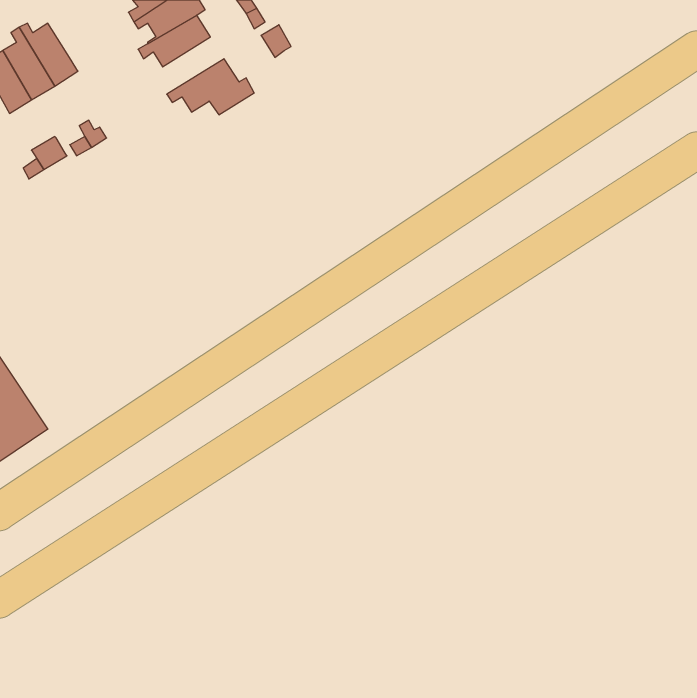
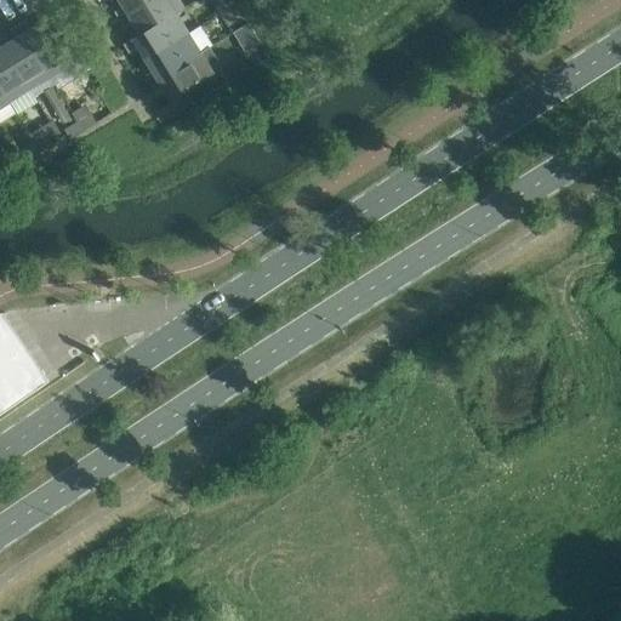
building: none -> [143,33,199,84]

